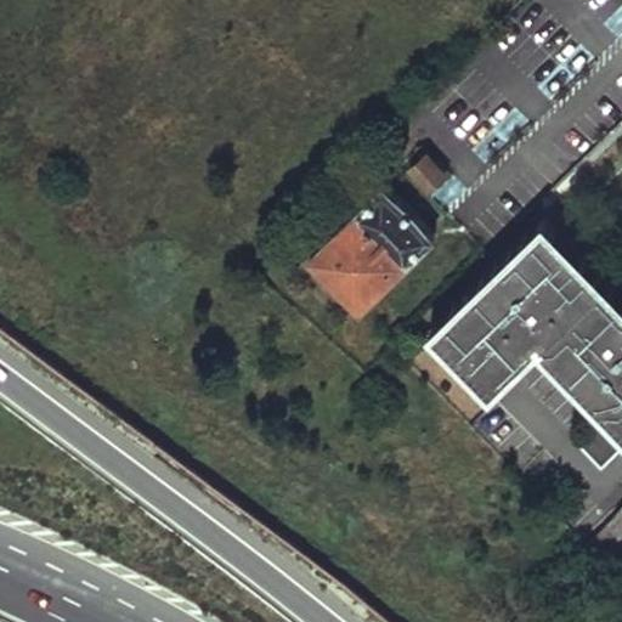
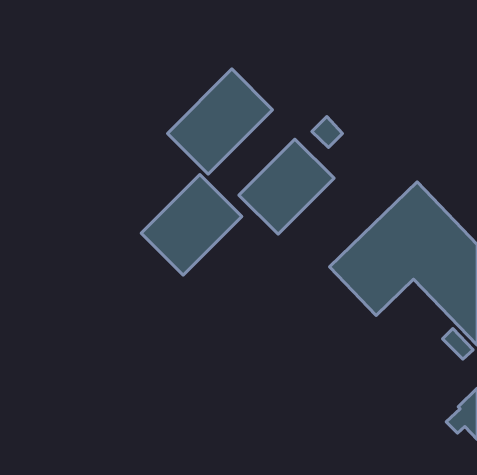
building: none -> [167,69,273,174]
building: none -> [141,174,242,275]

